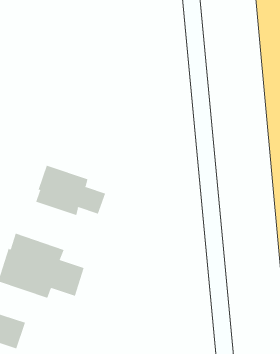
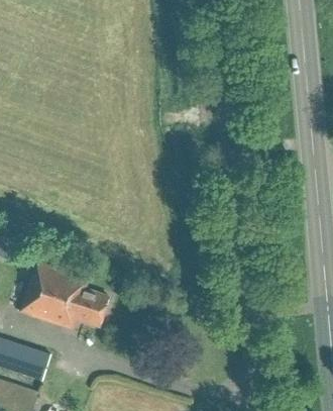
building: [35,165,106,216] -> none

